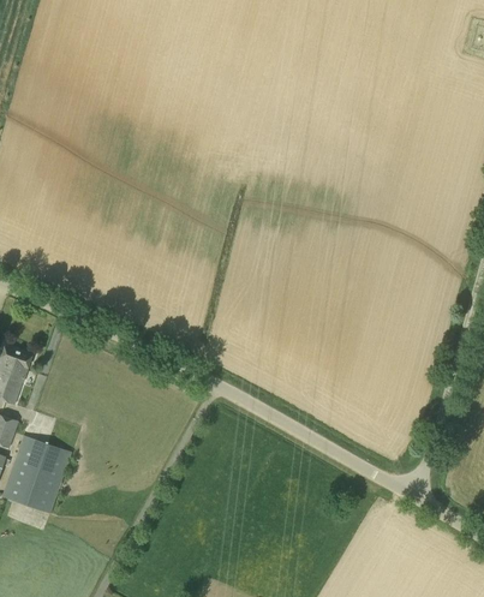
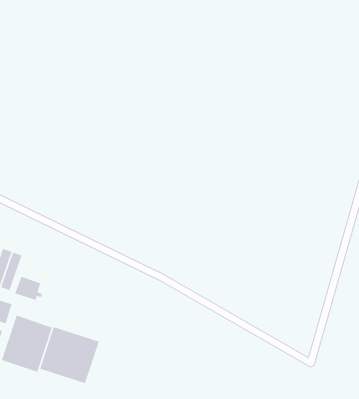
building: none -> [14,276,43,301]
building: none -> [39,326,100,384]

